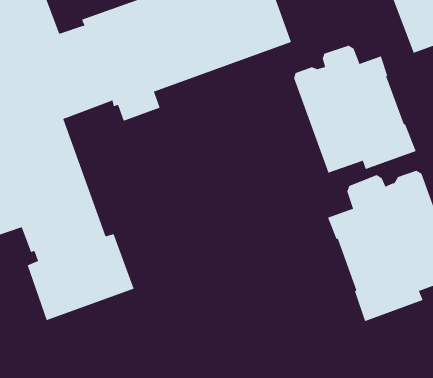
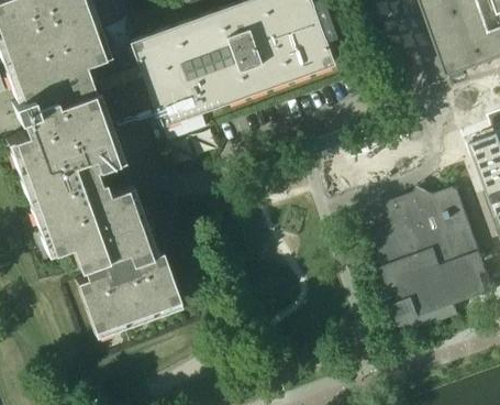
building: [293,45,416,174] -> none

